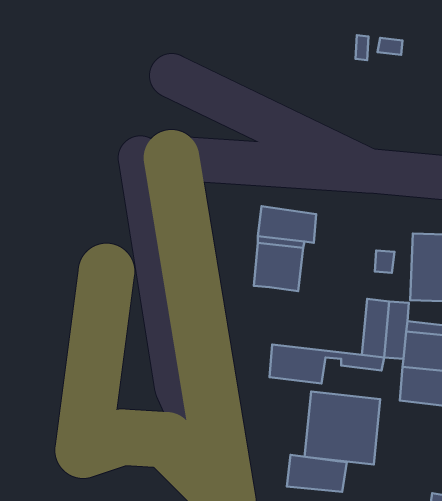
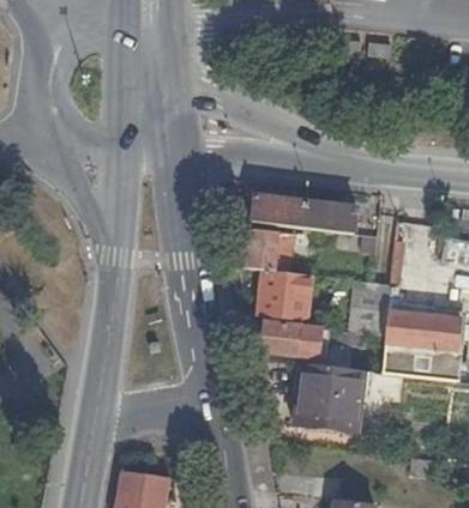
building: none -> [302,201,356,234]
building: none -> [257,268,311,319]
building: [287,455,347,492] -> none

